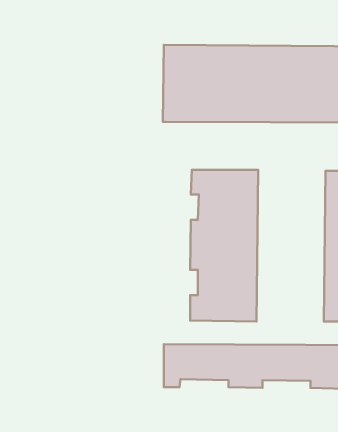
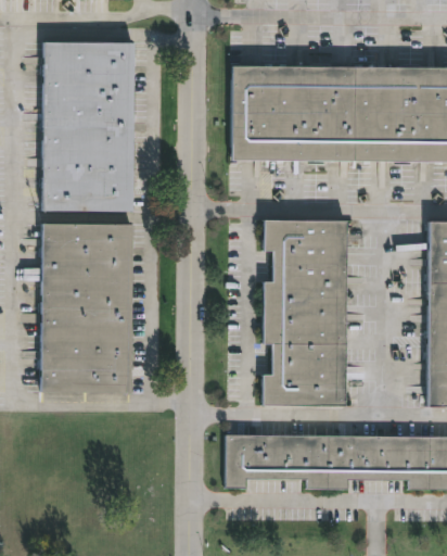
building: none -> [41,45,133,215]
building: none -> [39,225,132,395]

